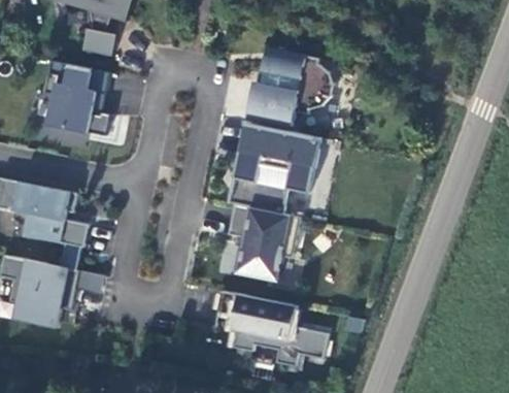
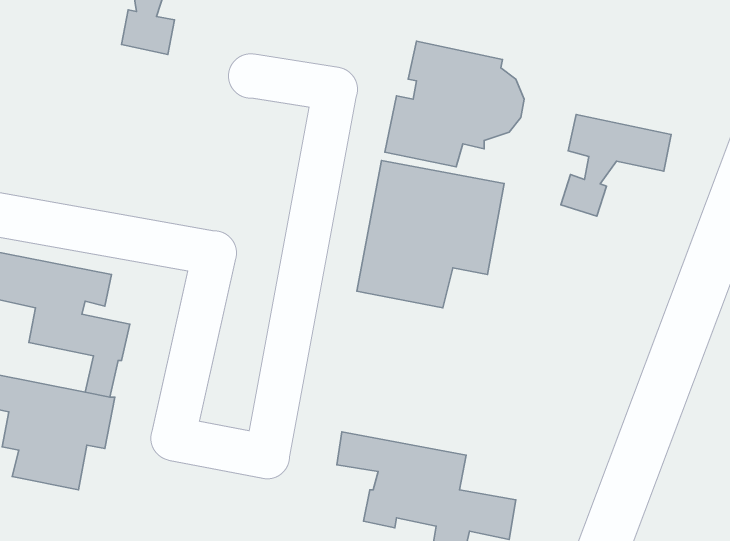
building: [42,62,110,137] -> none
building: none -> [561,115,671,216]
building: [227,205,298,281] -> none

